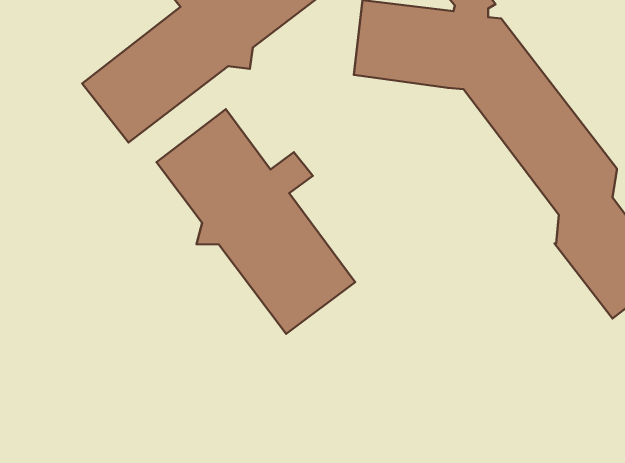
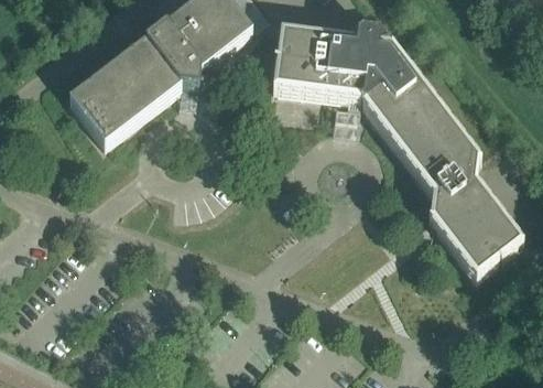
building: [156,109,355,334] -> none

